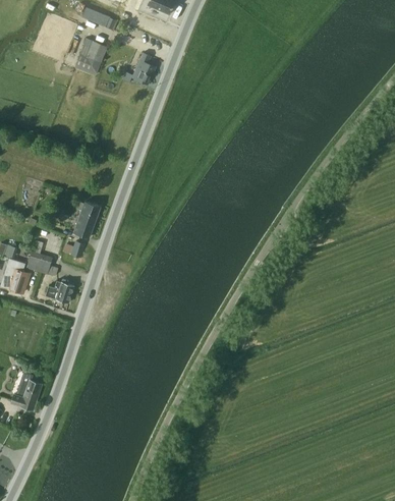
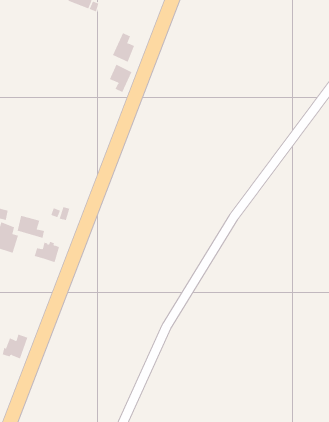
building: [72,41,106,75] -> none
building: none -> [109,64,132,93]
building: [72,201,99,237] -> none

